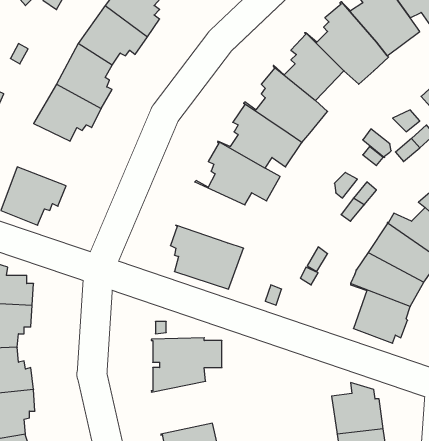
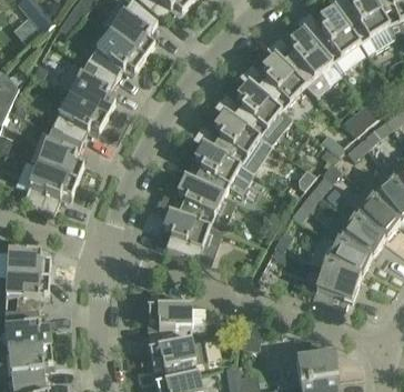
building: none -> [37,129,82,180]
building: none -> [166,177,235,227]
building: none -> [147,340,208,383]

